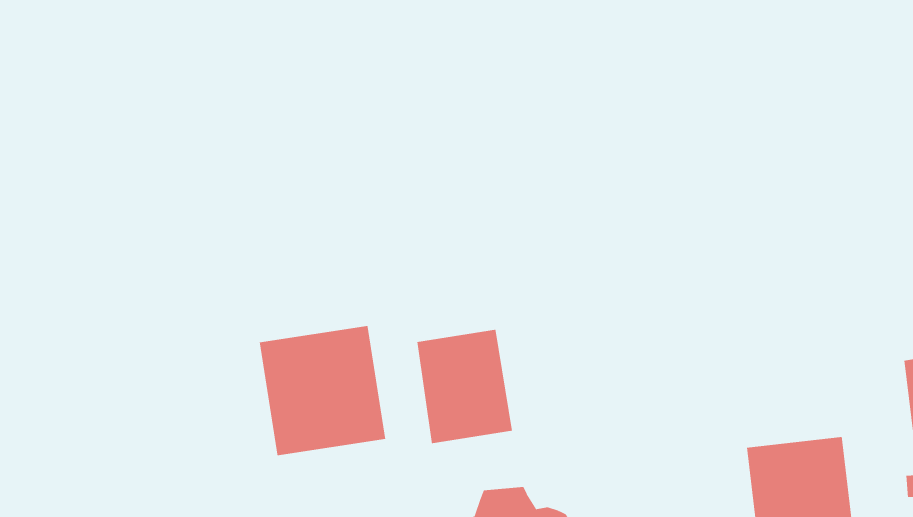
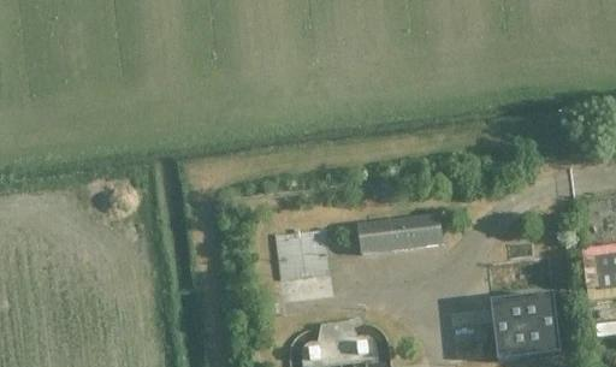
building: none -> [356,214,442,253]
building: [259,325,386,456] -> none

